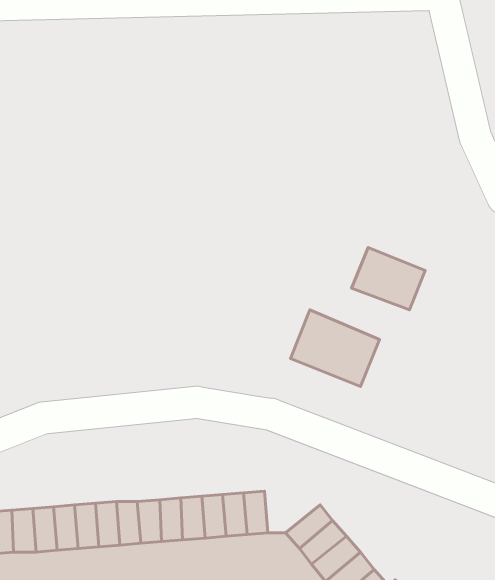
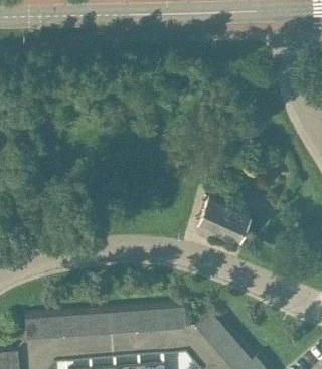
building: [352,248,425,310] -> none

